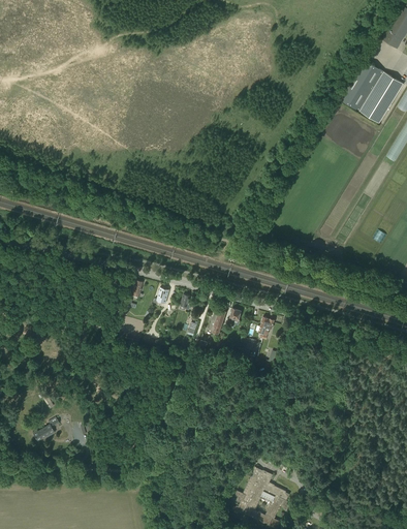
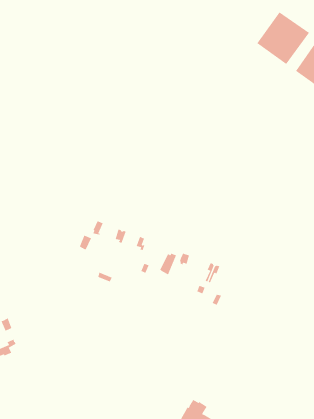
building: none -> [257,11,310,65]

